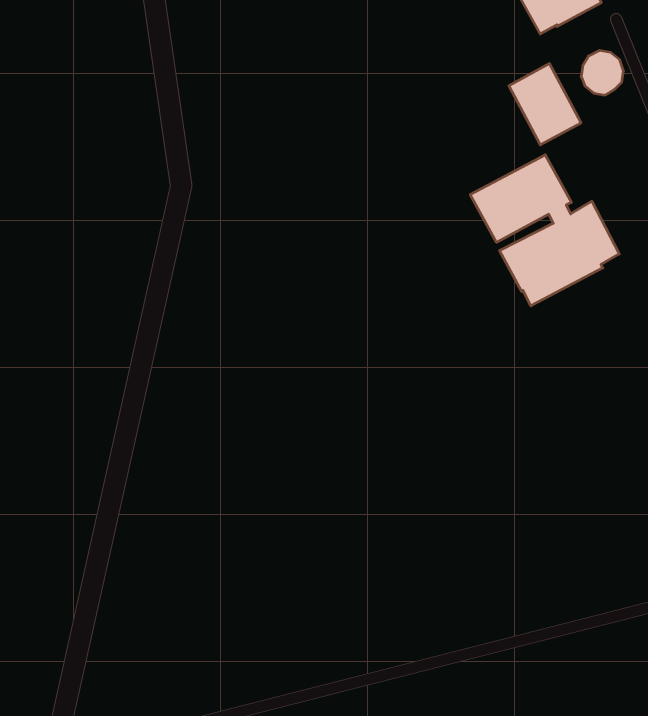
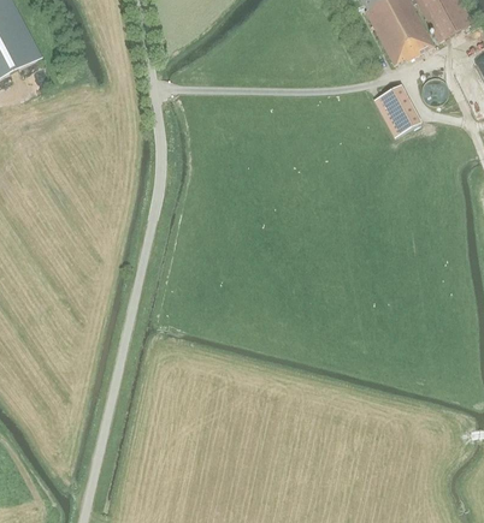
building: [470,155,619,306] -> none

